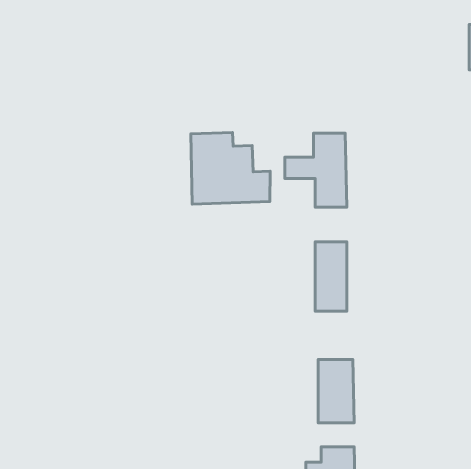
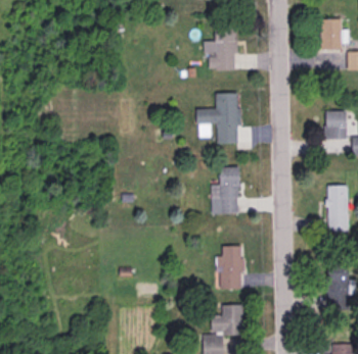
building: none -> [206,24,235,70]
building: [191,132,270,204] -> none

